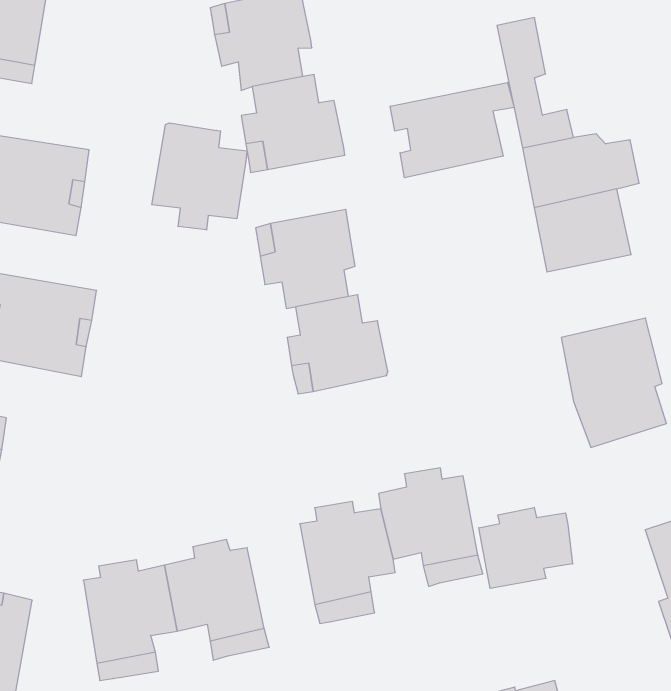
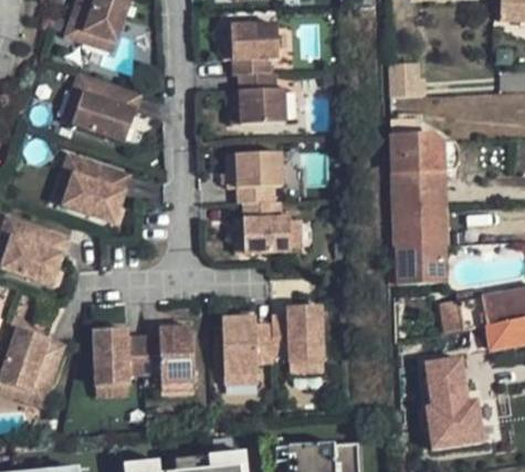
building: [390,82,514,178] -> none
building: [152,123,247,230] -> none
building: none -> [390,204,442,245]
building: [479,507,573,588] -> none

